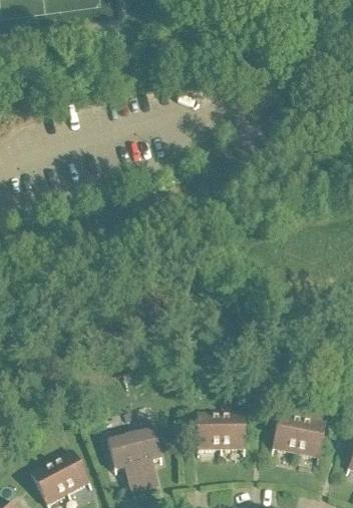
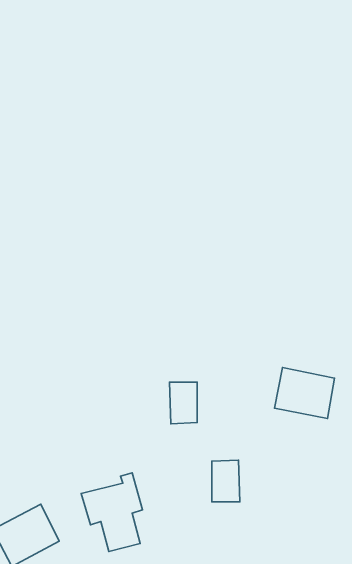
building: [197,413,221,449] -> [170,382,197,424]
building: [273,413,325,457] -> [274,368,335,419]

